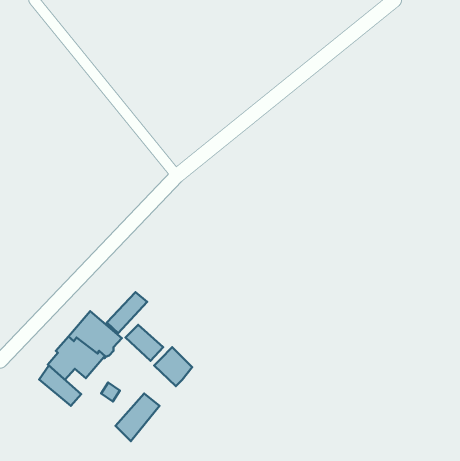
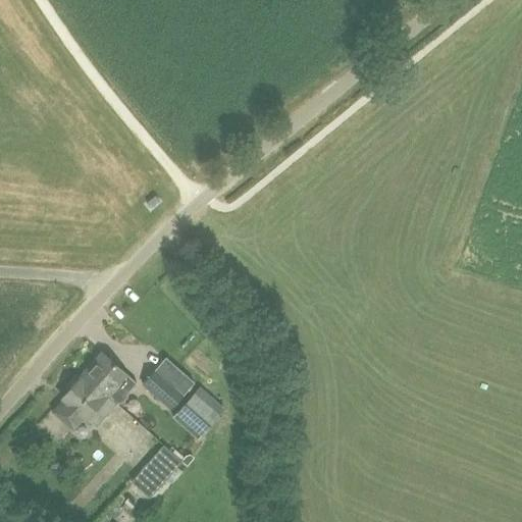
building: [107,292,147,333] -> none
building: [39,366,81,406] -> none

